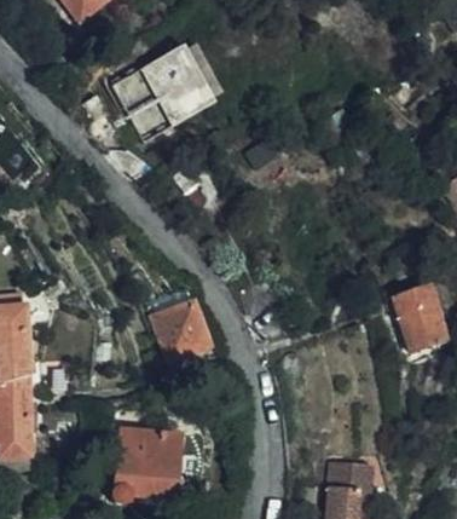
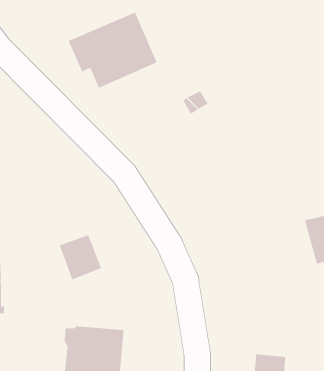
building: [157,302,209,358] -> [59,234,102,280]

